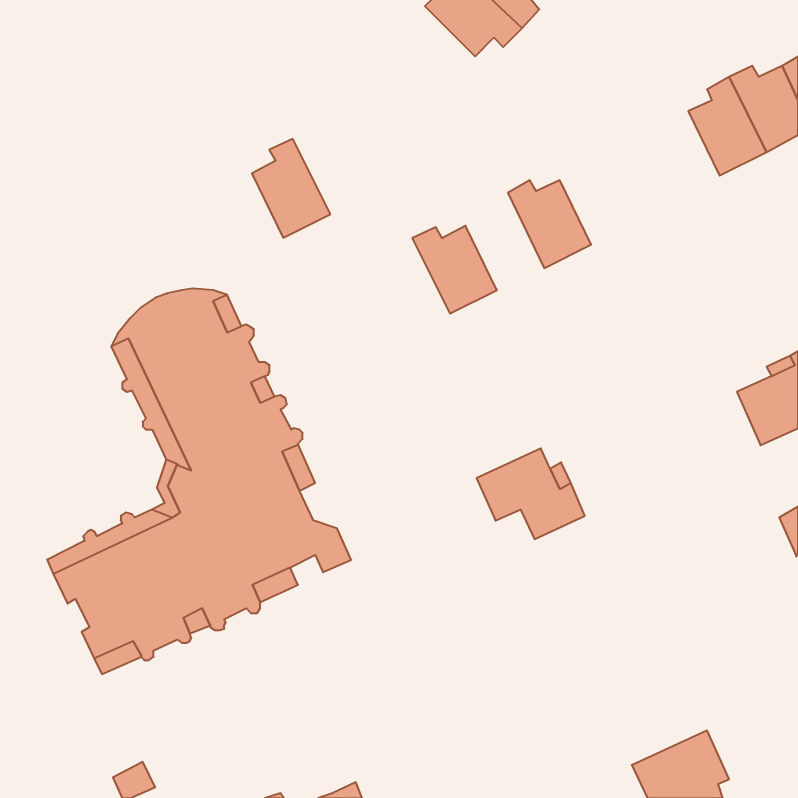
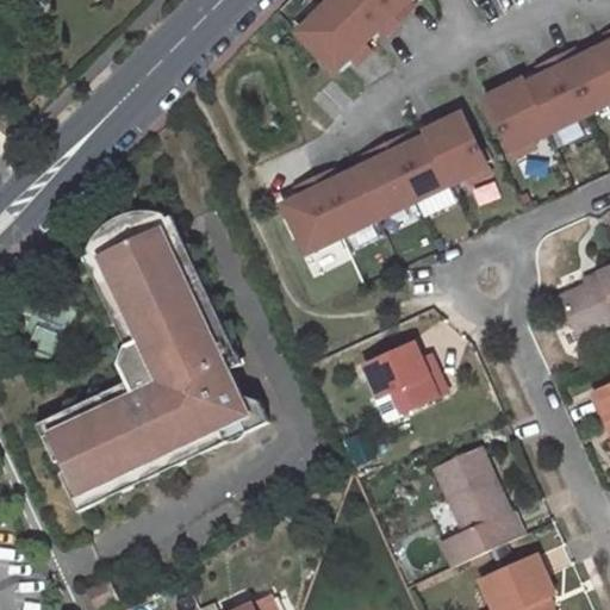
building: none -> [294,5,368,71]
building: none -> [484,75,547,157]
building: [252,139,330,238] -> [282,181,342,256]
building: none -> [421,114,488,186]
building: none -> [354,147,413,220]
building: none -> [437,448,522,564]

